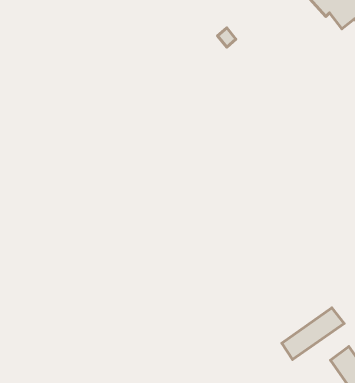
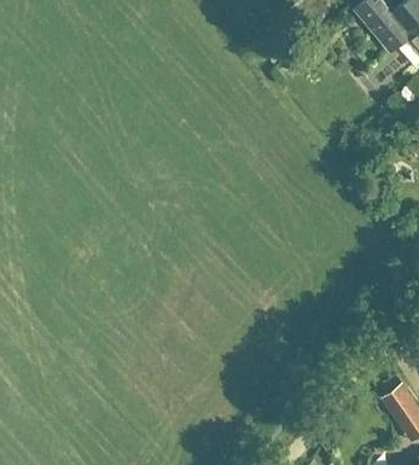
building: [282,308,344,360] -> none

